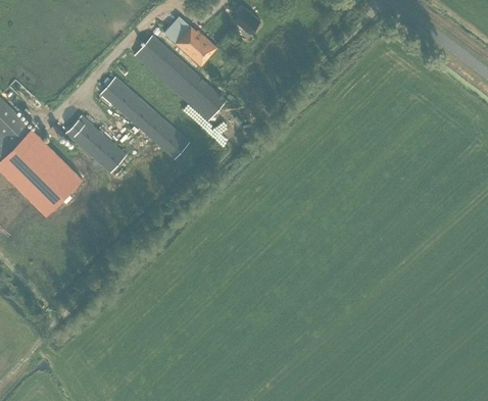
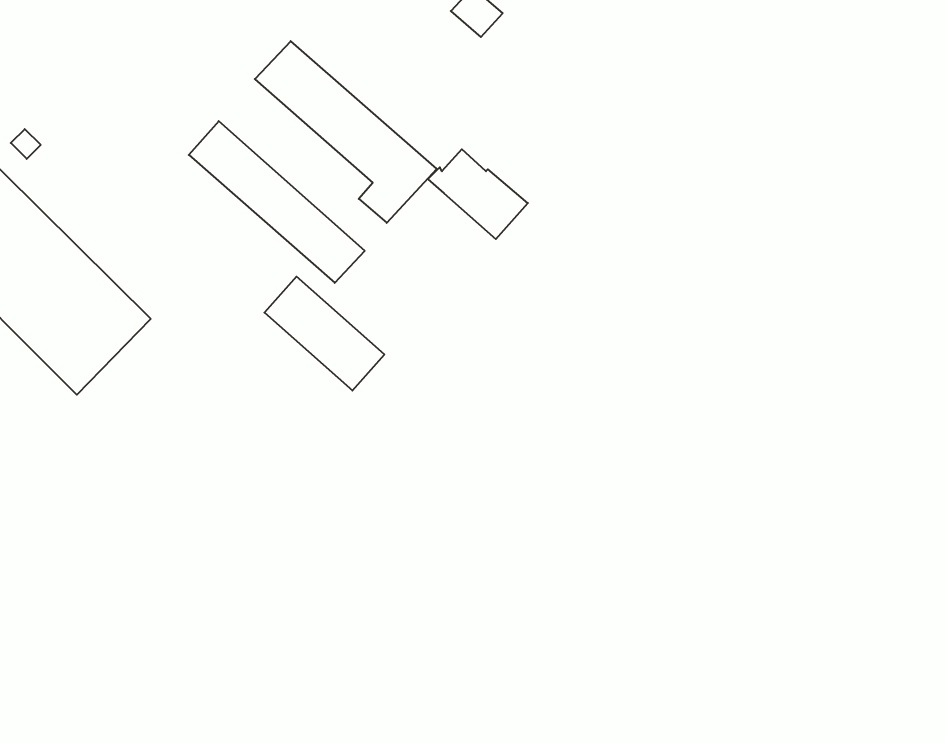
building: [166,20,217,66] -> [428,149,528,239]
building: [65,115,127,173] -> [264,277,384,391]

